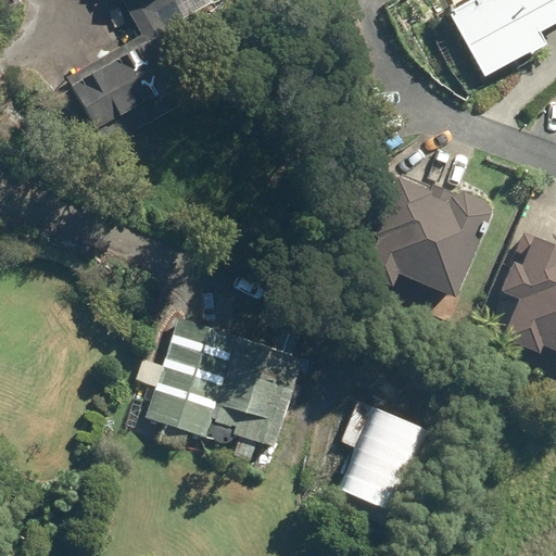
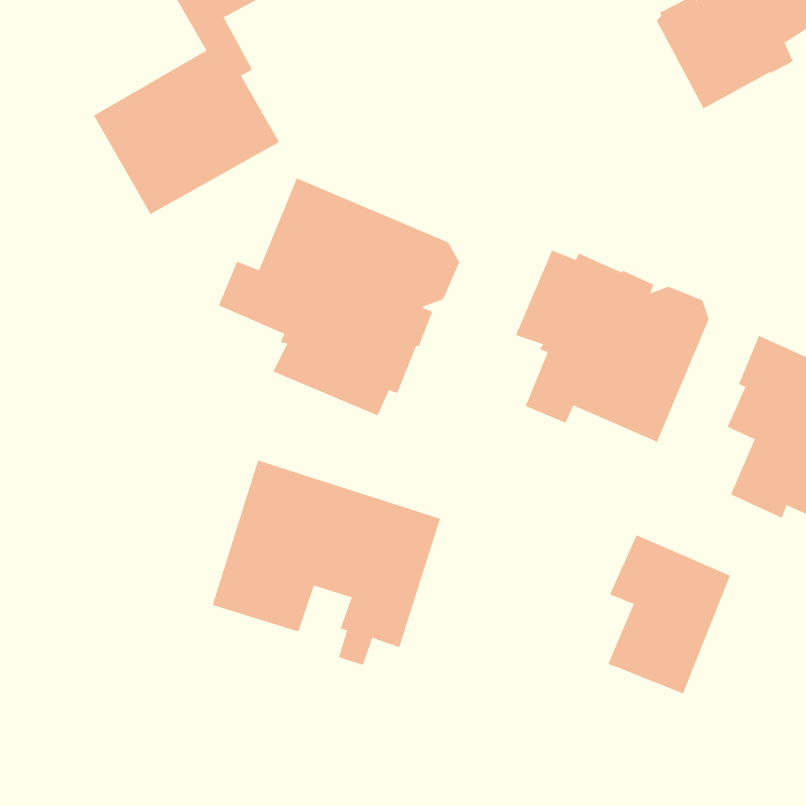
building: none -> [218,178,460,416]
building: [337,400,421,509] -> [608,535,731,694]

